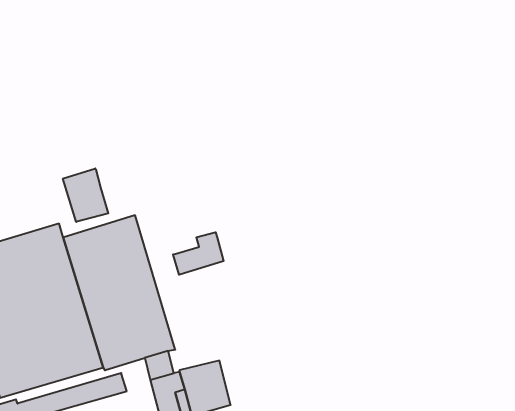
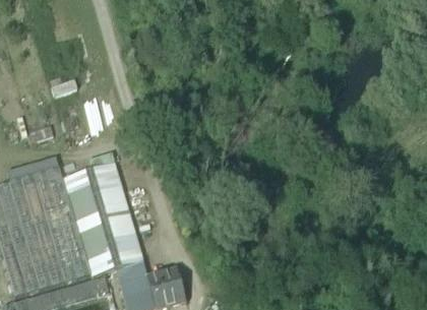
building: [63,168,108,222] -> none
building: [173,232,224,275] -> none

